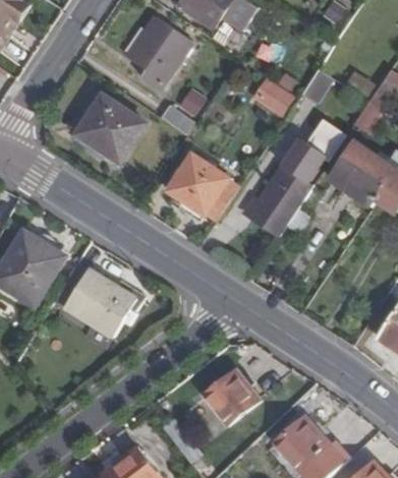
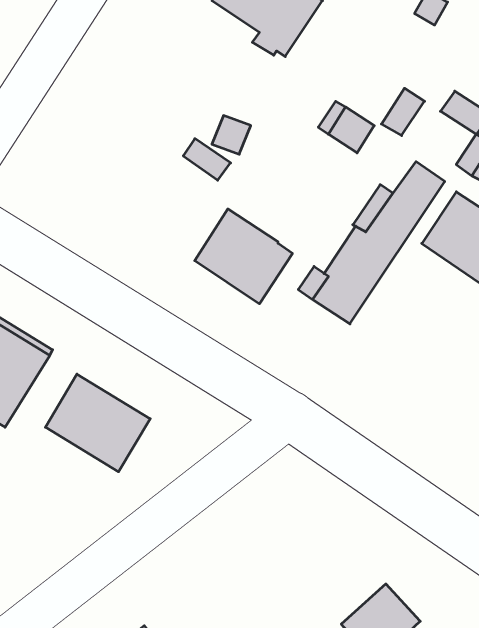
building: [126,16,191,88] -> none
building: [76,95,144,161] -> none
building: [201,372,258,428] -> none

